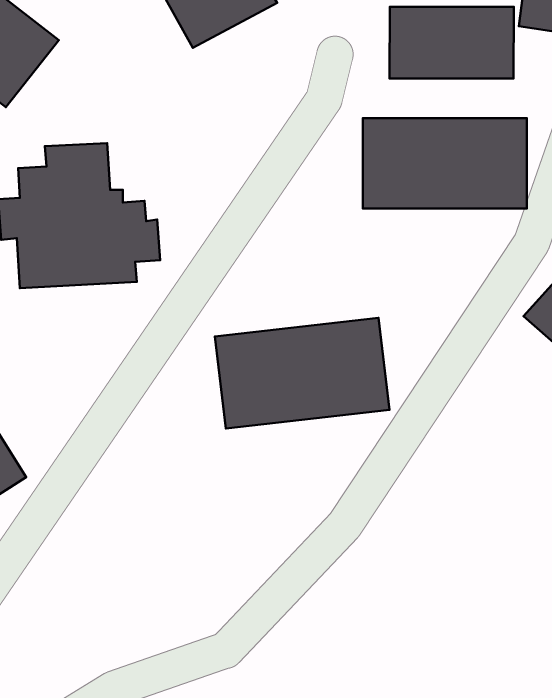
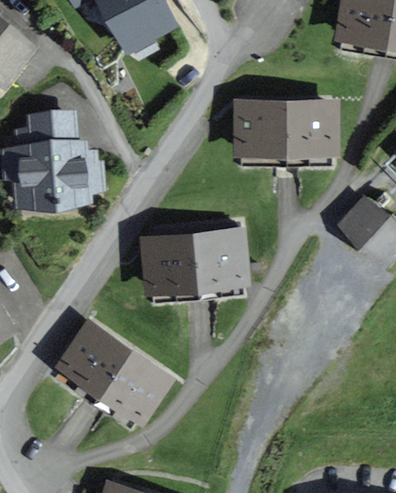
building: [389,7,514,78] -> none
building: none -> [54,318,174,423]

